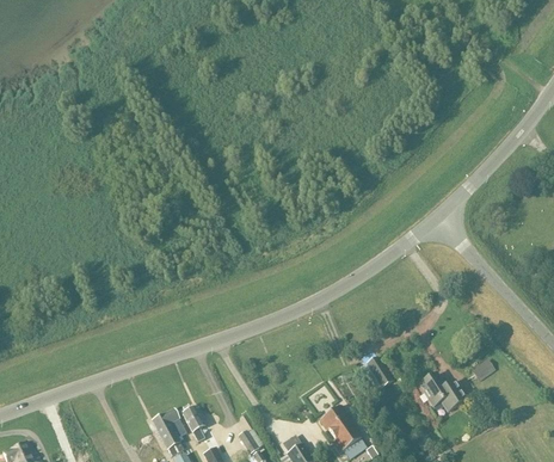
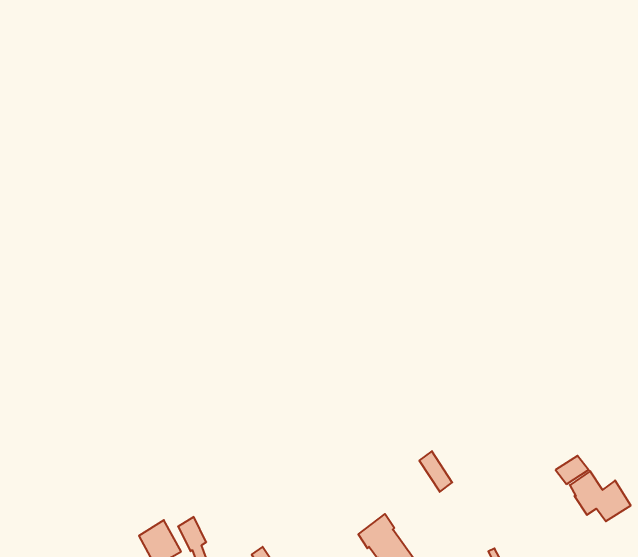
building: [419,372,466,411] -> [570,471,631,521]

